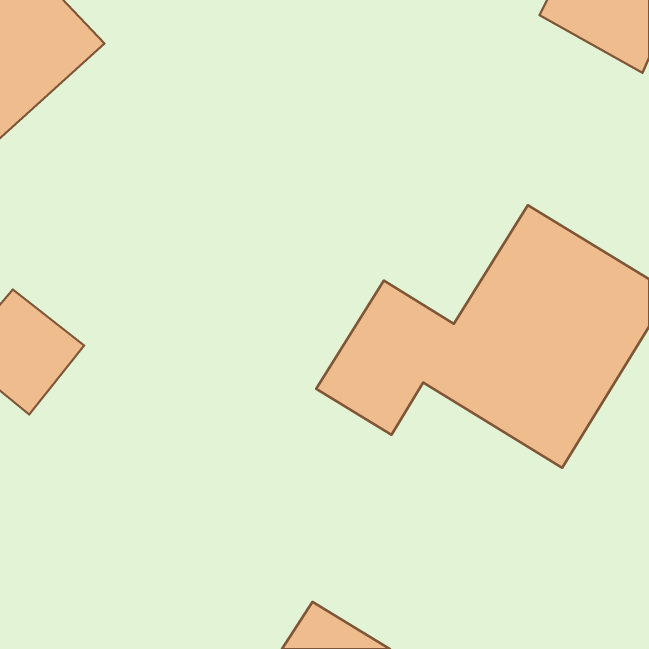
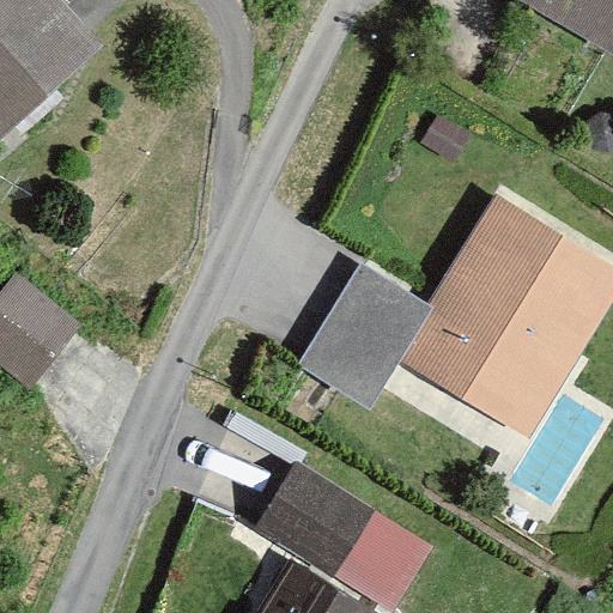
building: none -> [260,467,426,605]

